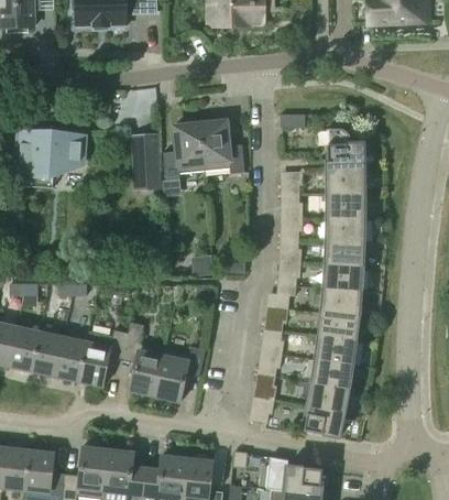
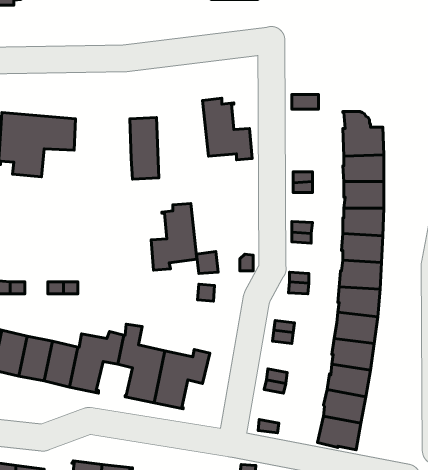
building: [163,118,205,178] -> [151,204,197,270]

